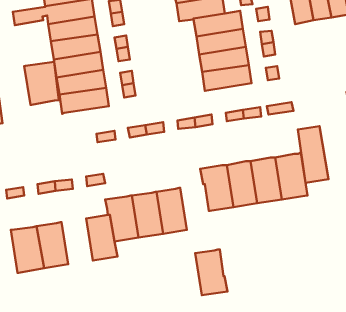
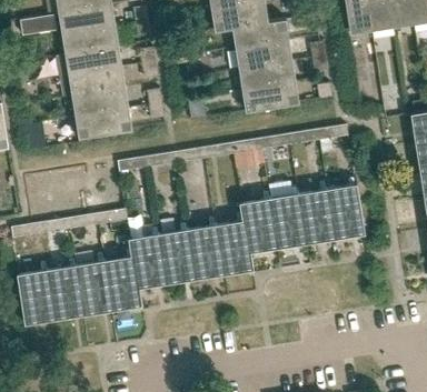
building: [24,62,59,105] -> none
building: [298,126,329,183] -> none
building: none -> [77,261,113,314]
building: [195,249,227,295] -> [216,221,254,274]

